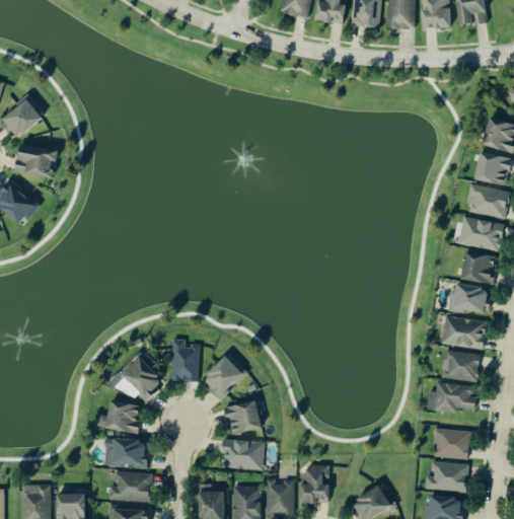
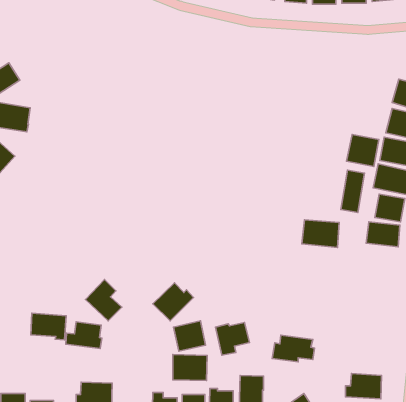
building: none -> [347,134,379,166]
building: none -> [341,170,364,212]
building: [442,317,486,350] -> [302,220,339,247]
building: [170,340,200,382] -> none
building: [442,351,481,383] -> none
building: [427,382,476,414] -> [272,335,314,362]
building: none -> [216,322,249,355]
building: [432,428,471,460] -> none
building: [105,438,147,469] -> [31,313,66,340]

